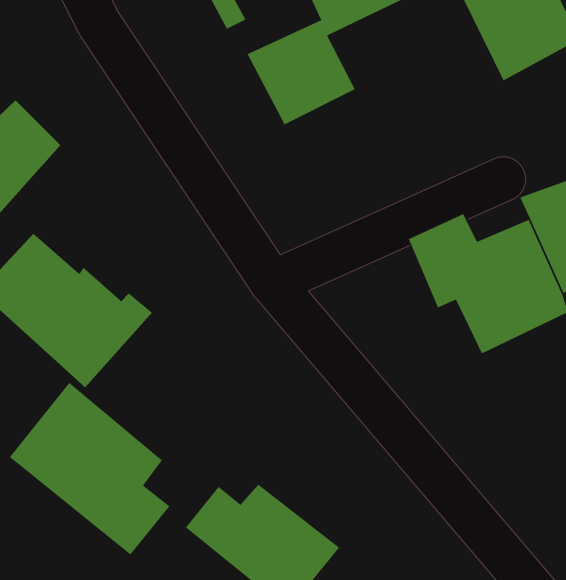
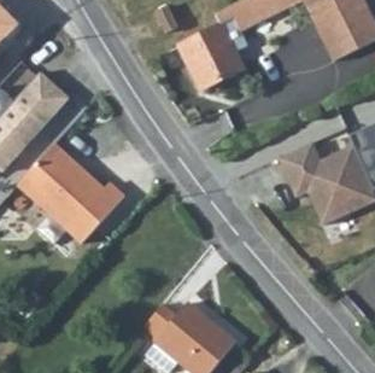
building: [9,382,170,556] -> none

